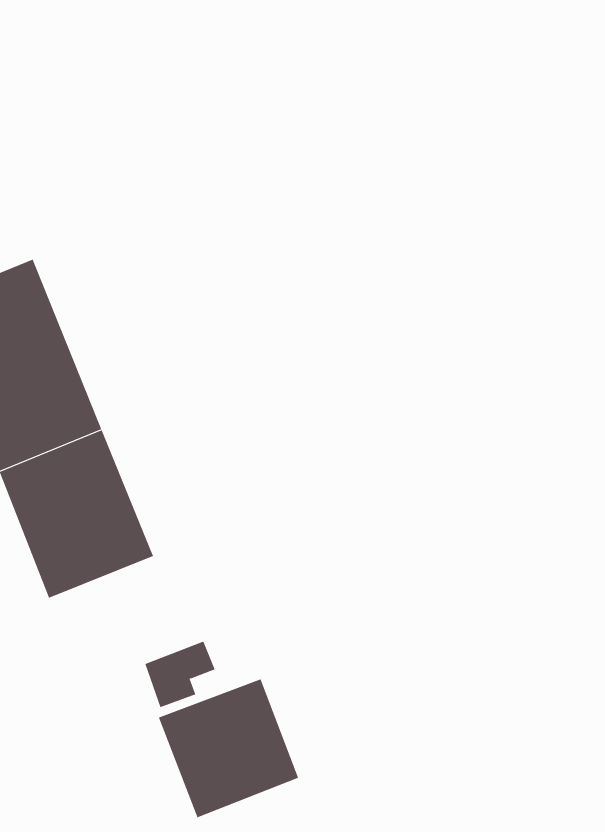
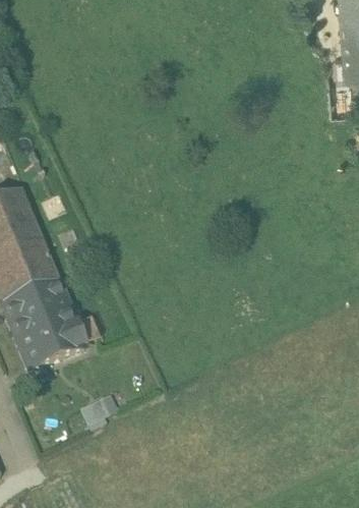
building: [158,679,299,818] -> none

